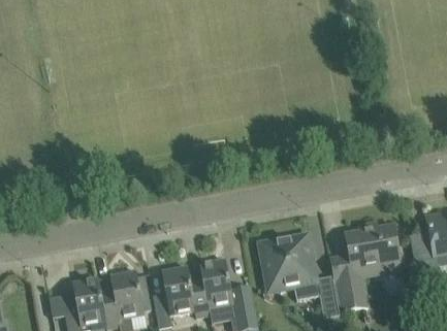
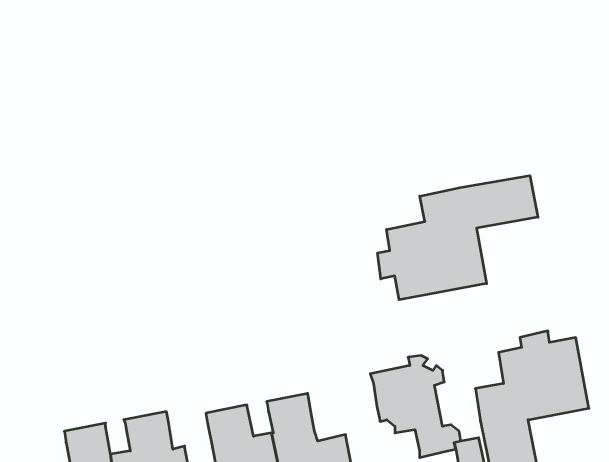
building: none -> [378,176,538,300]

